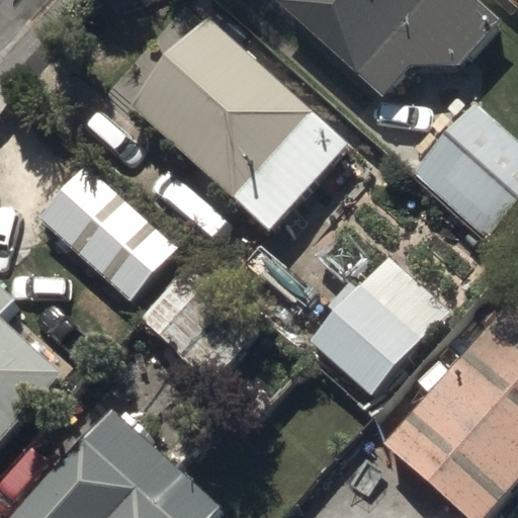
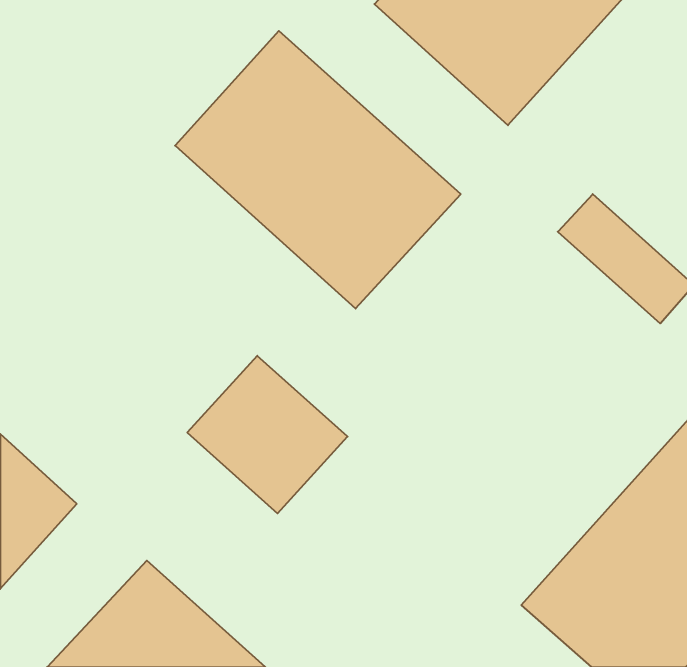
building: [36,169,174,303] -> none
building: [315,296,424,404] -> none

